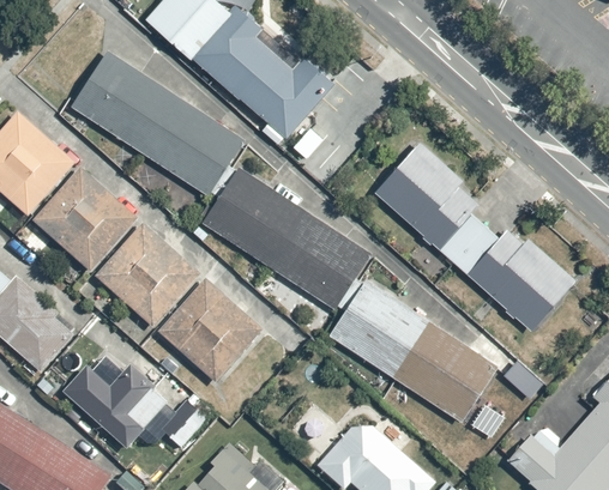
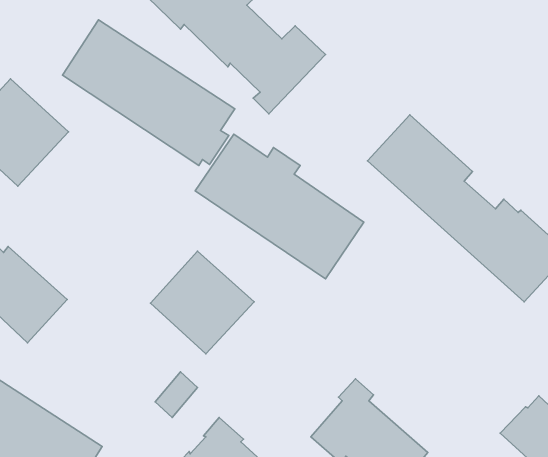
building: [34,169,138,273] -> none
building: [96,223,199,327] -> none
building: [328,278,505,435] -> none
building: [62,365,167,450] -> none

